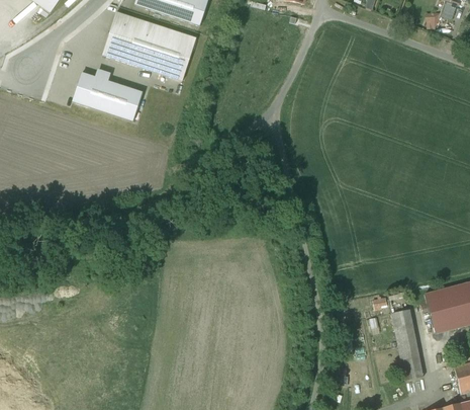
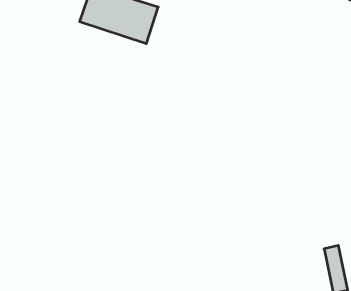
building: [72,68,142,119] -> none

